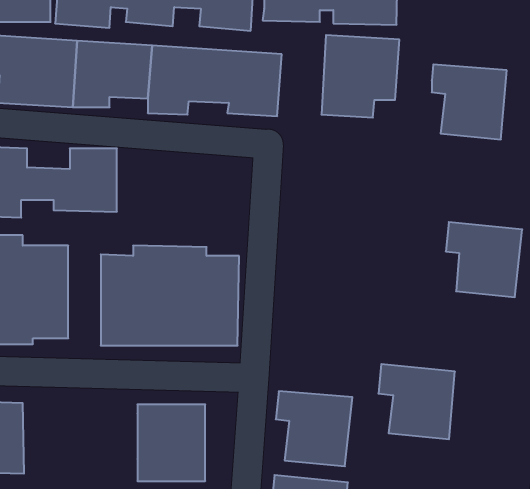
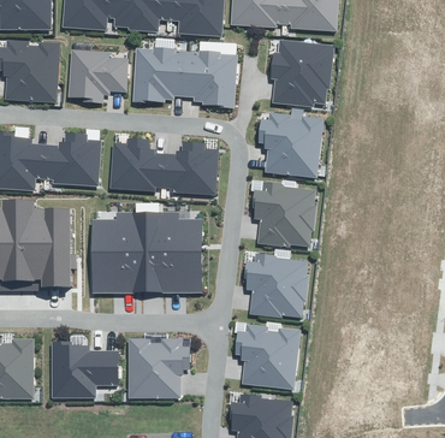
building: [432,64,507,139] -> [263,111,325,172]
building: none -> [114,137,225,195]
building: [446,222,522,297] -> [256,183,319,244]
building: [378,364,455,439] -> [242,254,304,315]
building: none -> [48,345,121,395]

